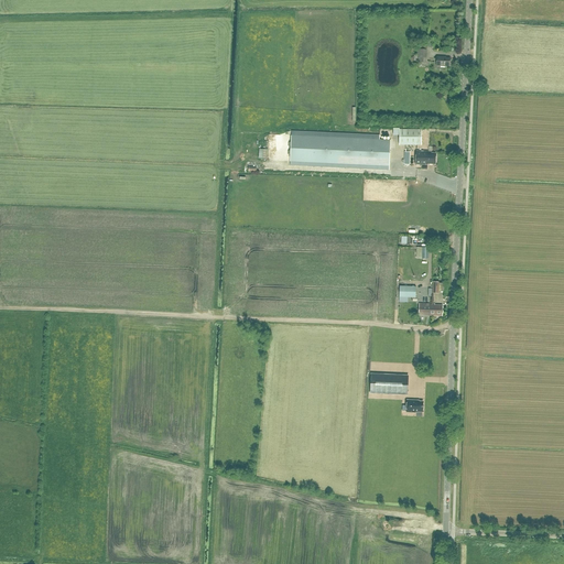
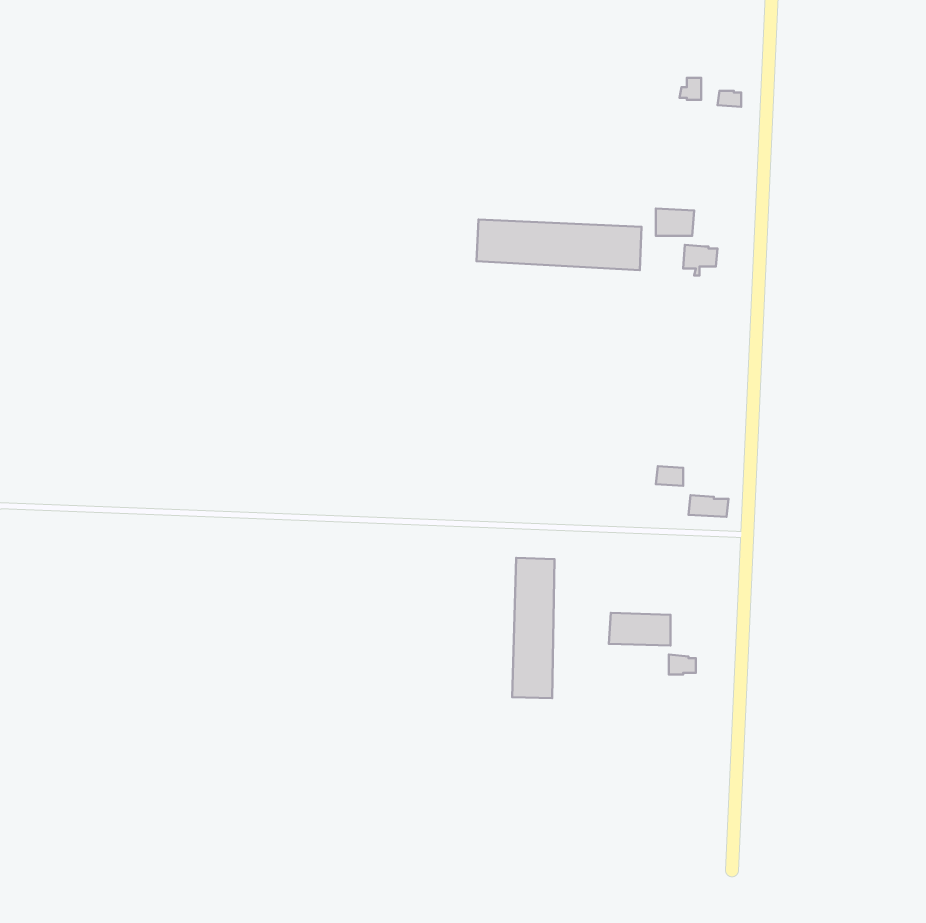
building: none -> [512,558,555,698]

